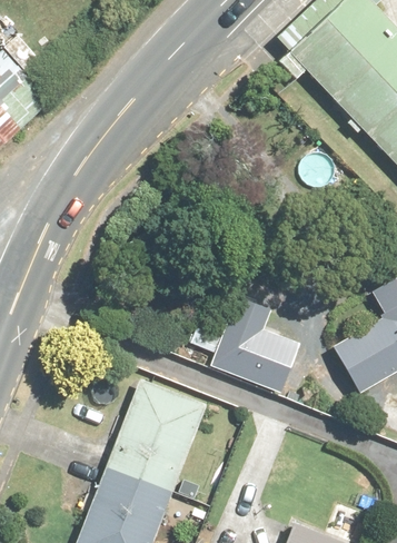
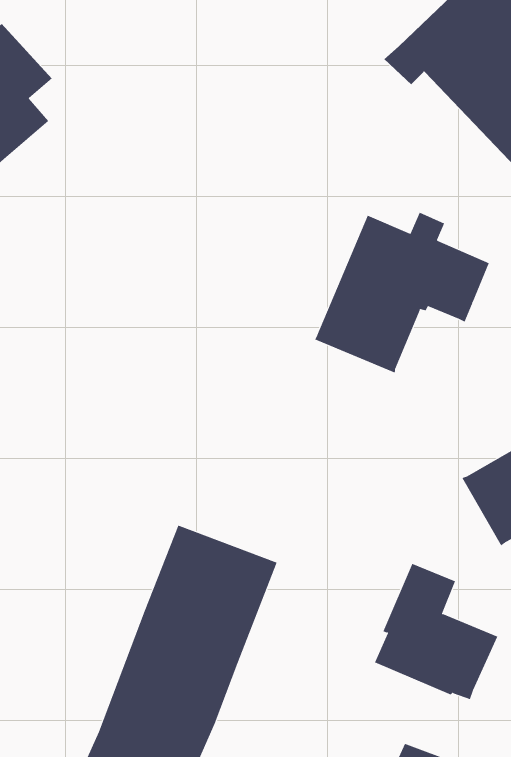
building: none -> [314,212,490,374]
building: [215,299,299,393] -> [374,563,498,700]

